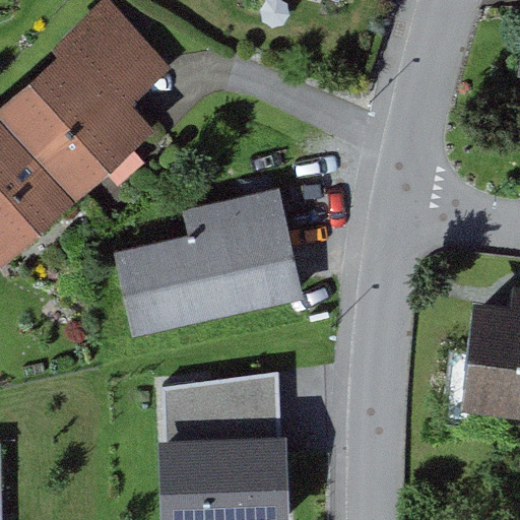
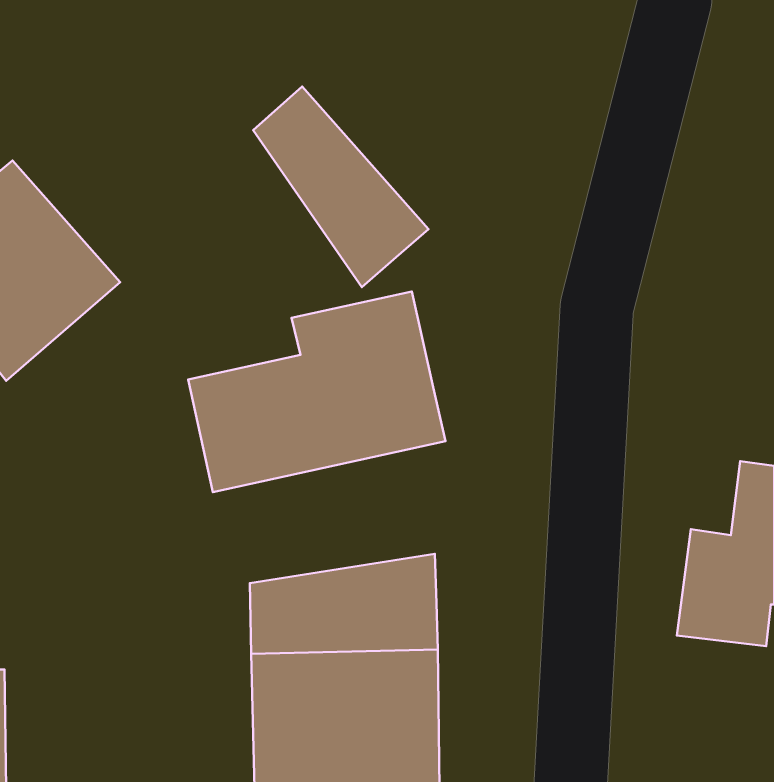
building: [8,8,164,190] -> none
building: none -> [253,86,428,287]

